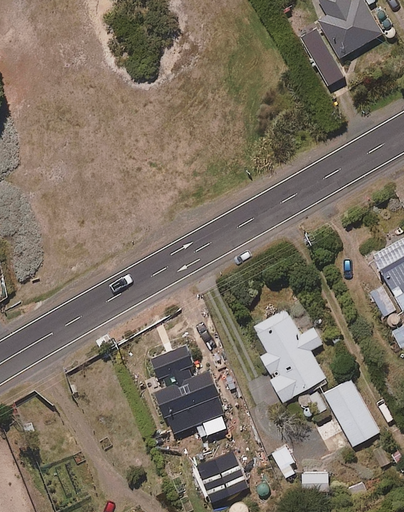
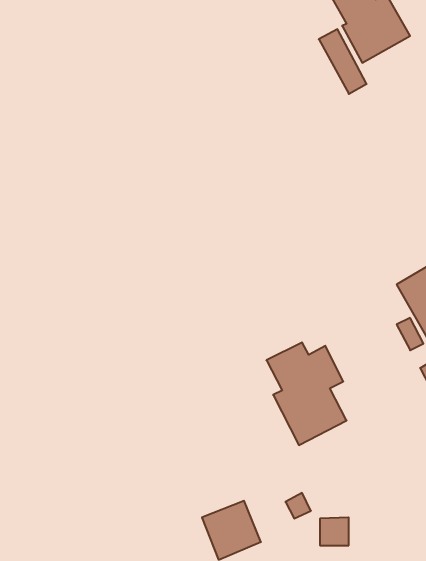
building: [151,346,225,435] -> none
building: [323,379,380,447] -> none

